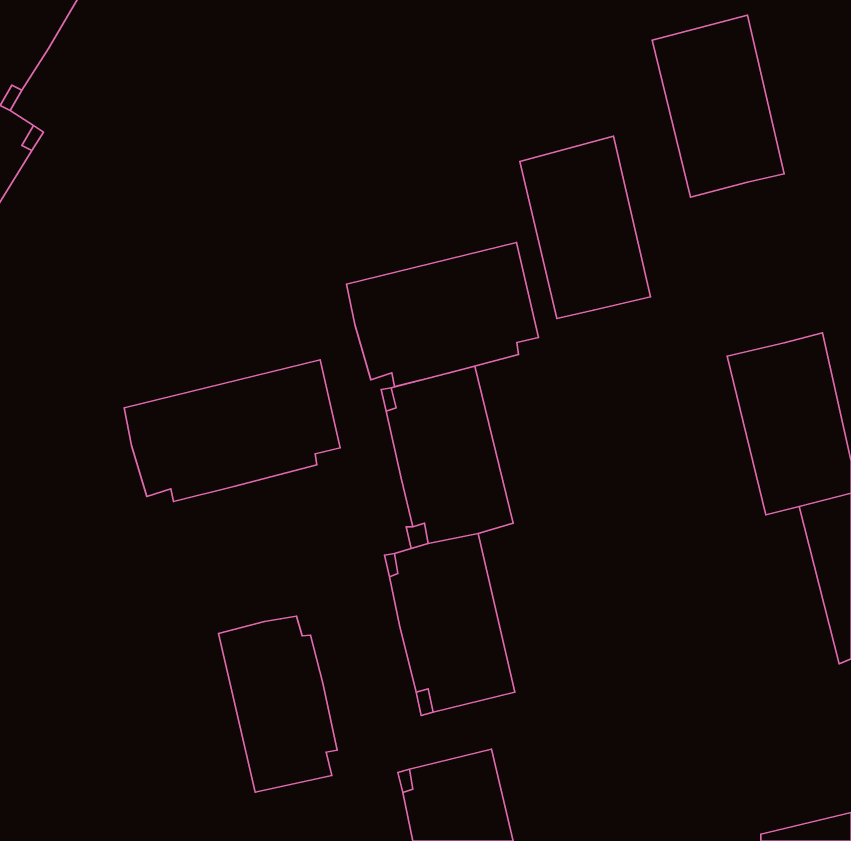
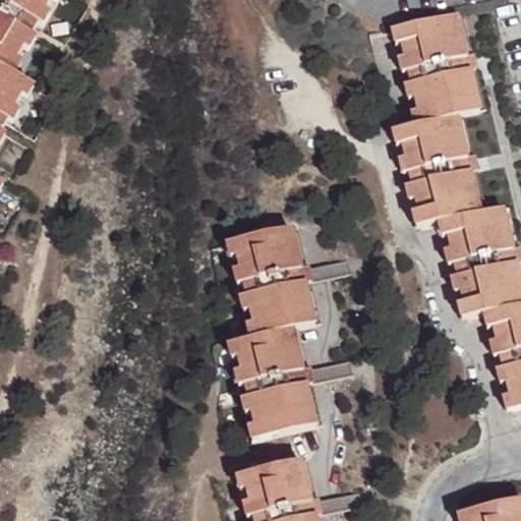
building: [520,136,650,319] -> [398,111,477,222]
building: [347,242,538,386] -> none
building: [124,360,340,501] -> none
building: [219,616,337,792] -> none

